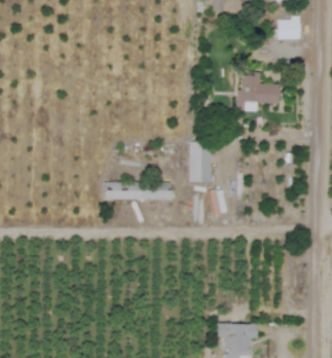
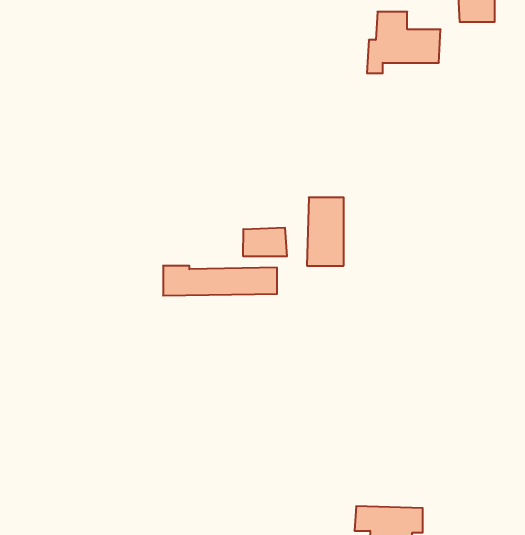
building: [236,73,280,109] -> [367,12,441,73]
building: none -> [243,228,287,256]

